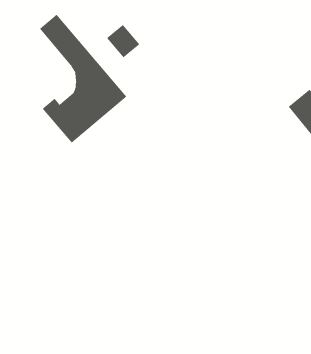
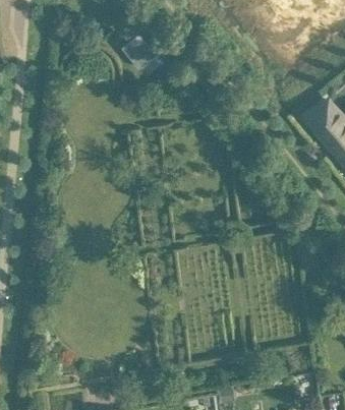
building: [39,14,127,143] -> none

